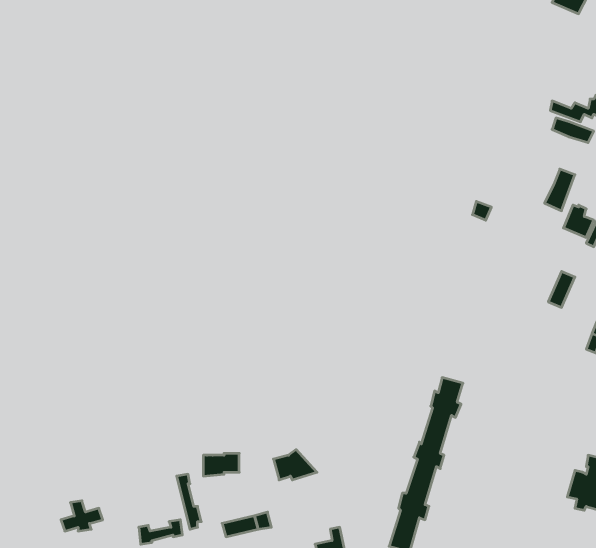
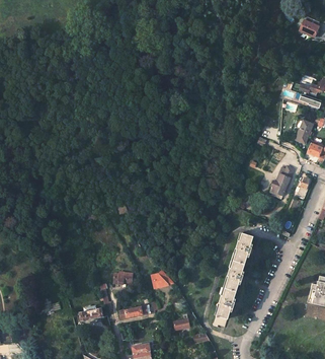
building: none -> [268,166,294,200]

